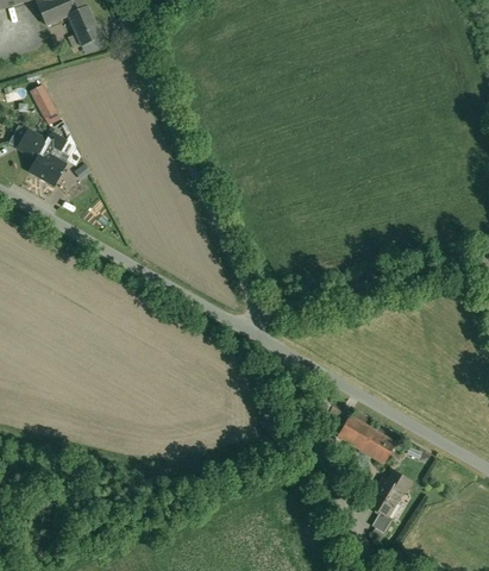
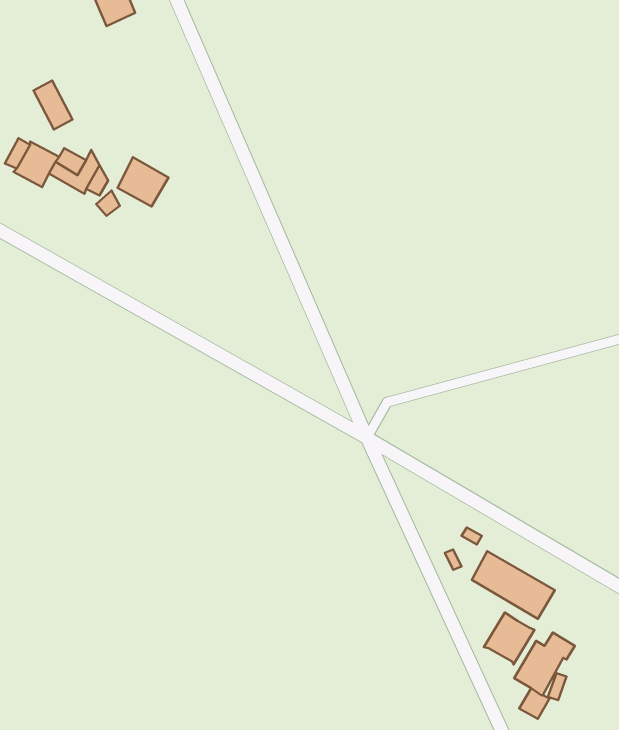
building: [30,150,65,184] -> [118,157,168,206]
building: none -> [484,613,535,665]

